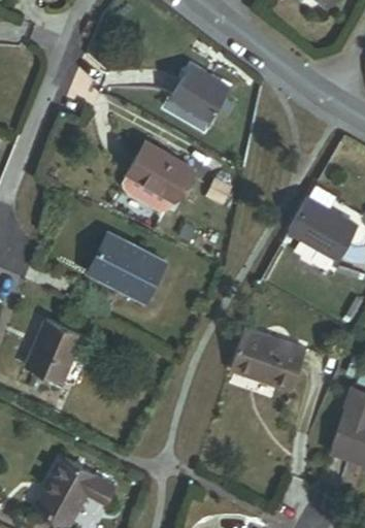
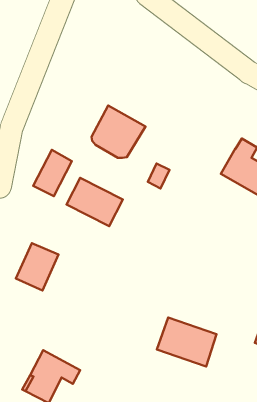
building: [171,66,233,120] -> none
building: none -> [33,150,72,196]
building: [229,328,305,391] -> [157,317,216,366]

